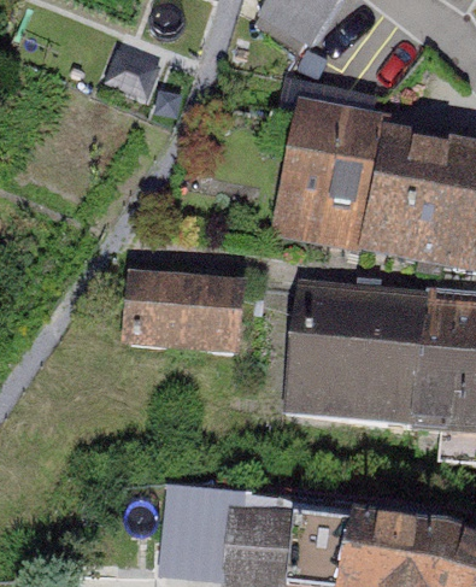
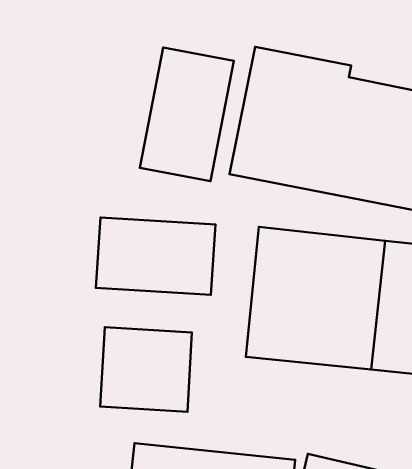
building: none -> [140,48,234,181]
building: none -> [100,327,192,412]

